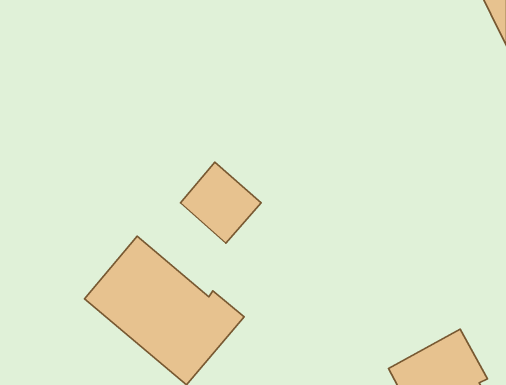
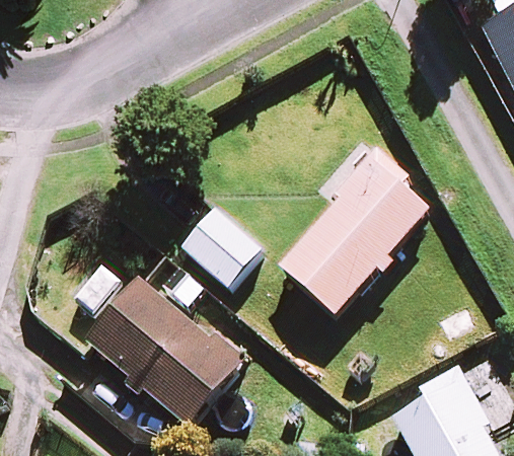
building: none -> [280,151,430,318]

